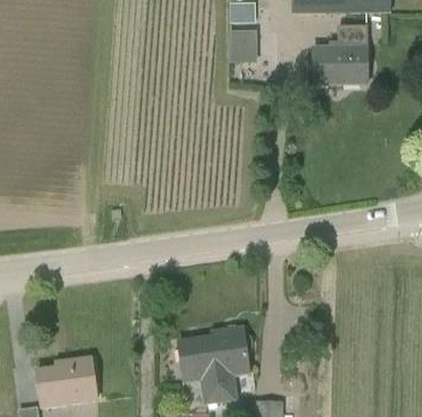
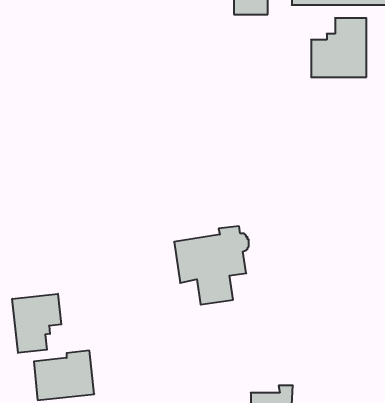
building: none -> [12,294,61,353]
building: [178,326,252,404] -> [174,226,249,305]

